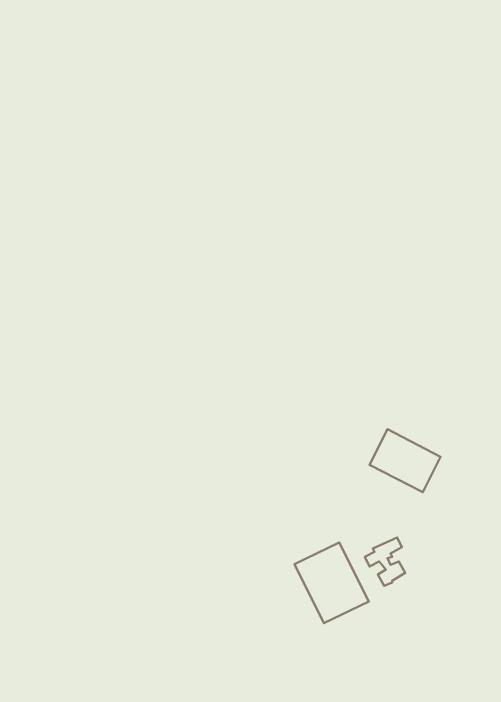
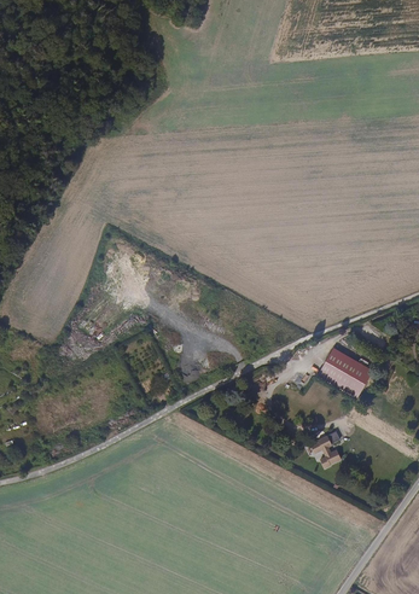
building: [294,542,369,623] -> none

